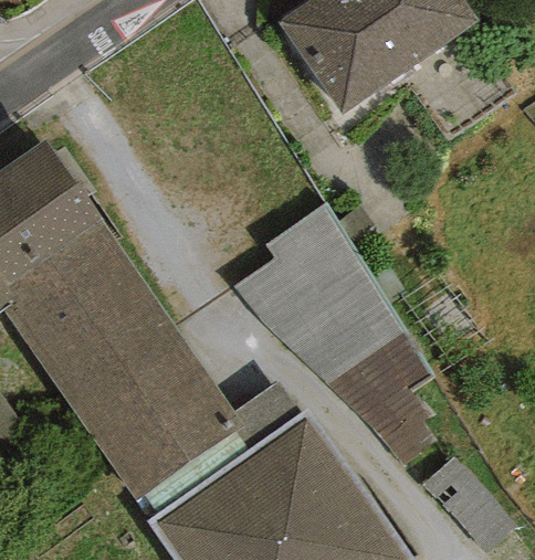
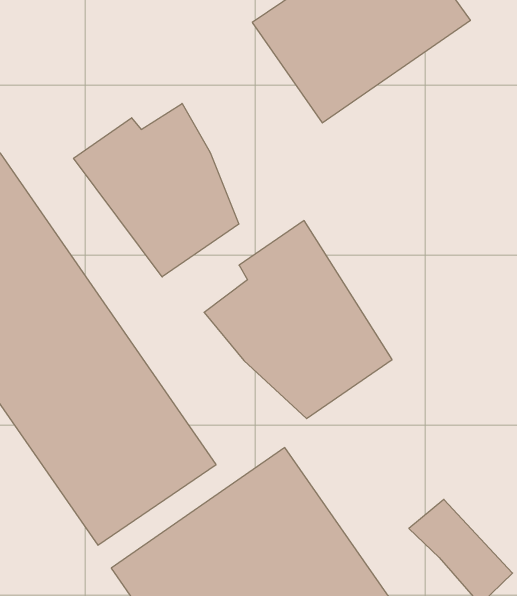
building: none -> [74,103,239,277]
building: [327,330,437,464] -> none

